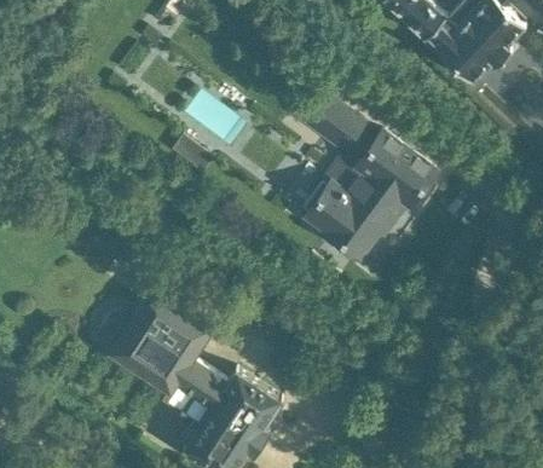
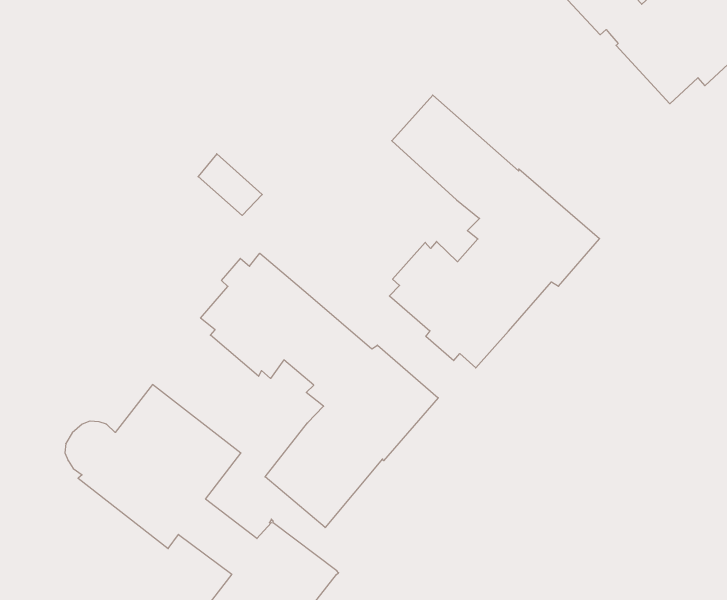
building: none -> [201,253,438,528]

